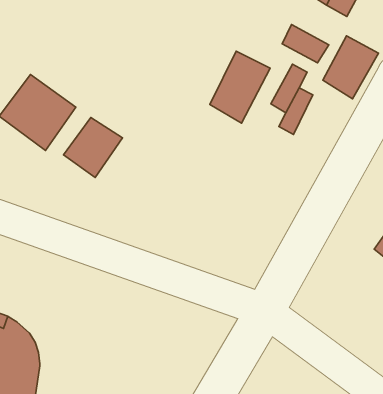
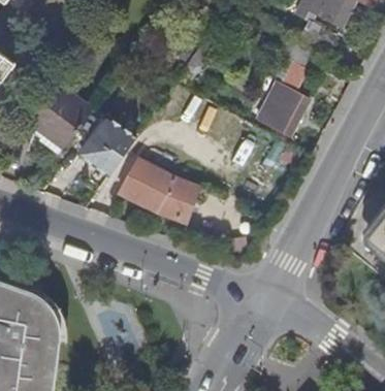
building: [323,36,378,99] -> none
building: [210,51,270,123] -> none
building: none -> [120,158,197,223]

